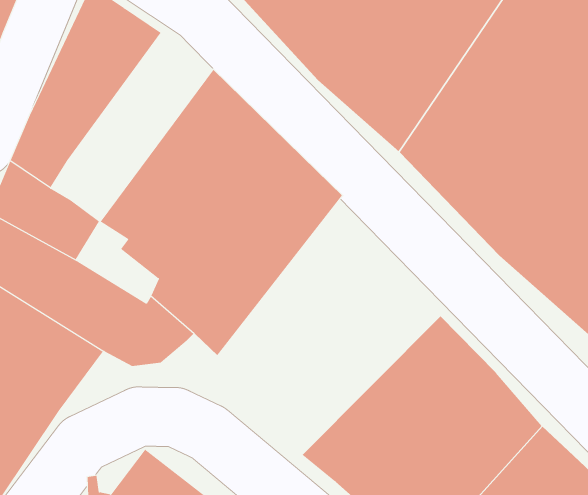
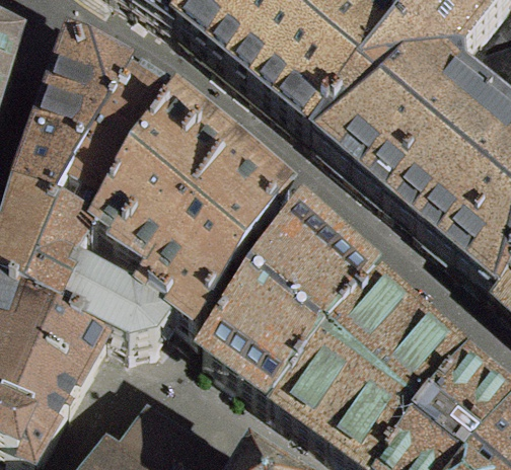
building: none -> [68,83,177,238]
building: none -> [207,225,376,410]

